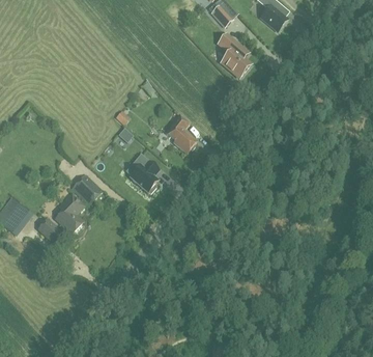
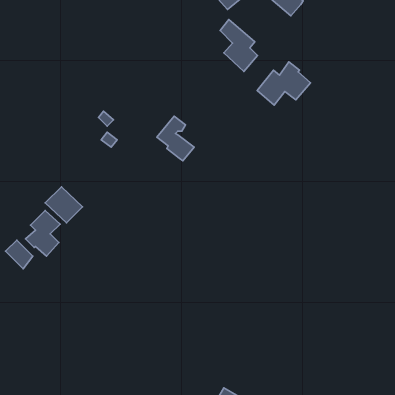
building: none -> [257,62,311,105]
building: [130,155,159,193] -> none

